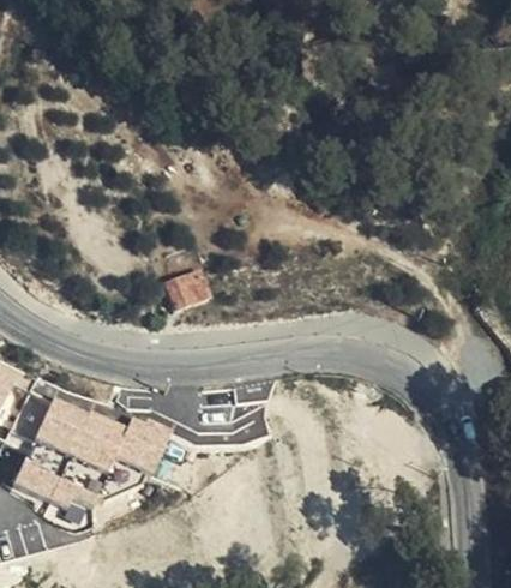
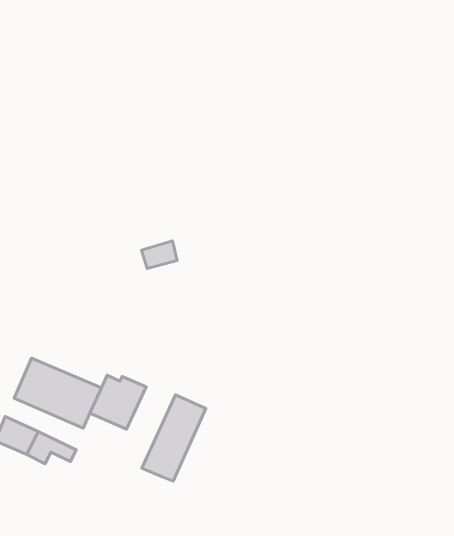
building: none -> [142,395,206,481]

